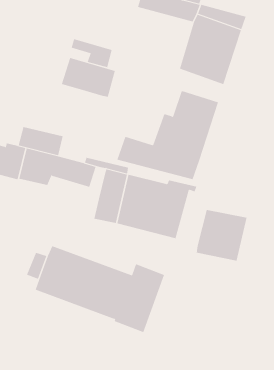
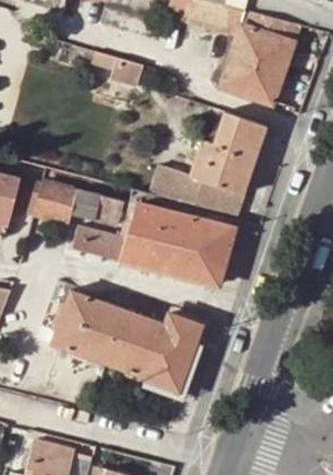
building: [61,57,116,97] -> none
building: [18,127,64,156] -> [73,228,127,262]
building: [196,209,247,262] -> none

